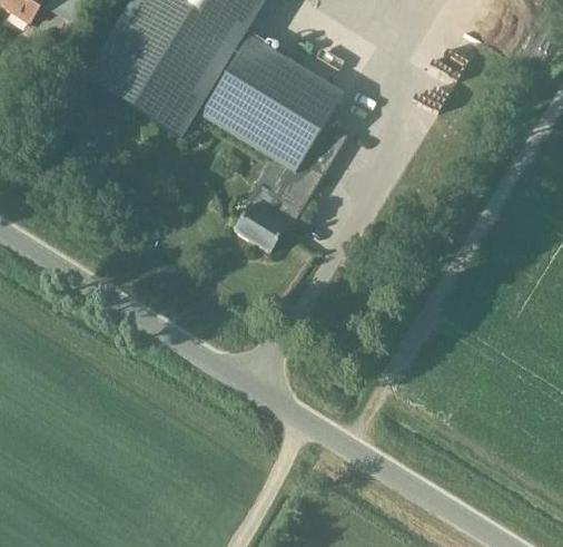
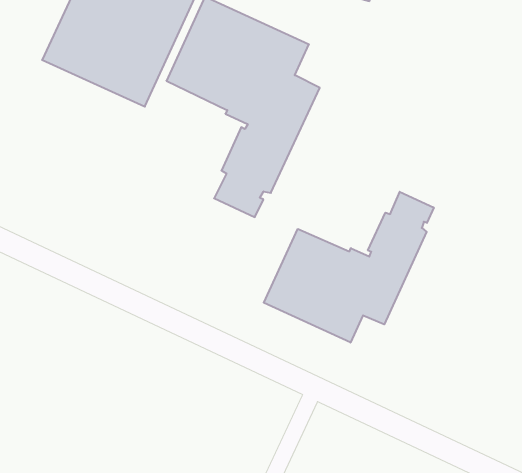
building: none -> [264,192,434,343]

